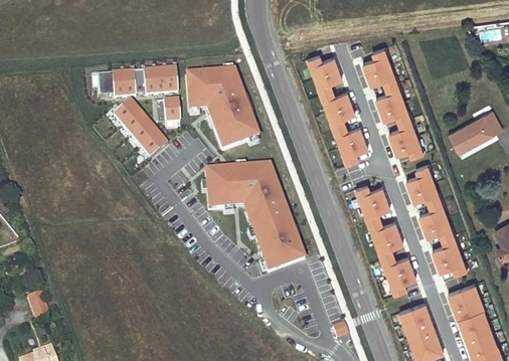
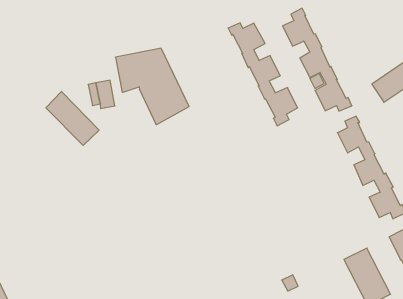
building: [97,70,175,100] -> none
building: [205,165,301,269] -> none
building: [354,183,415,295] -> none

